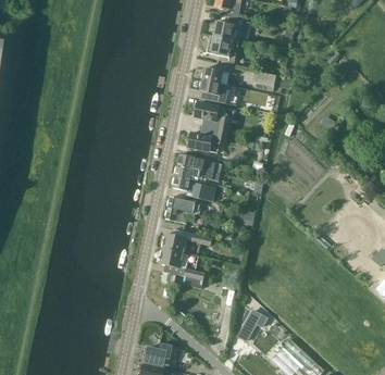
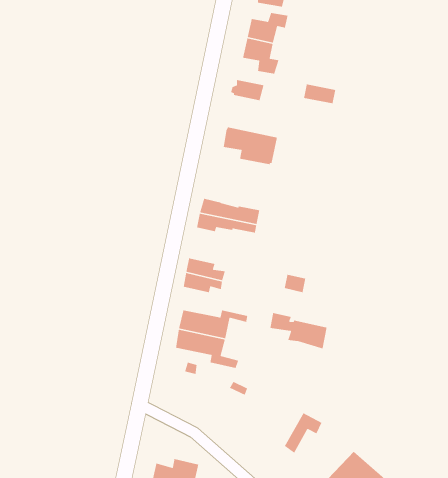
building: [199,79,239,105] -> none
building: [188,126,229,155] -> none
building: [173,176,215,203] -> [269,312,327,349]

